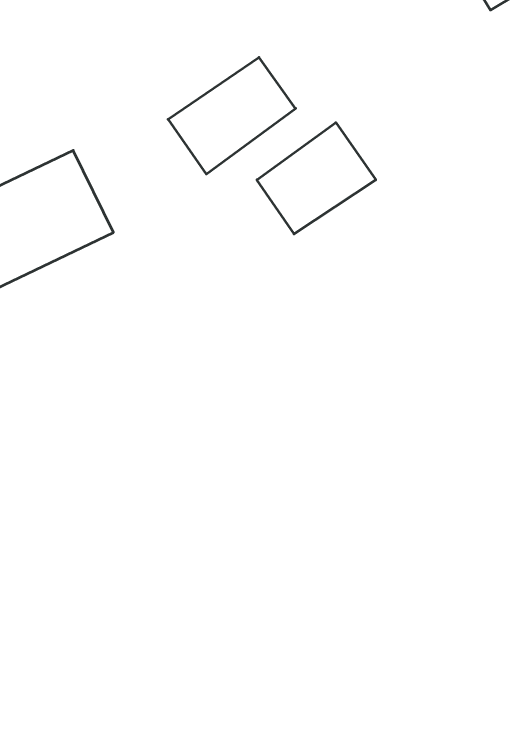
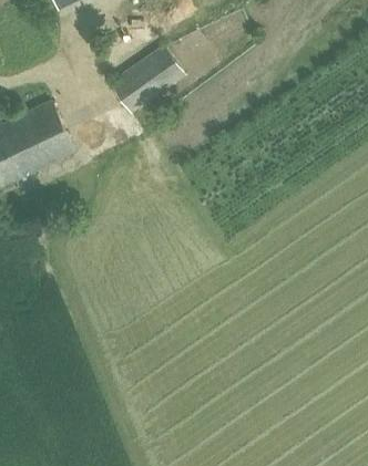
building: [257,123,376,234] -> none

